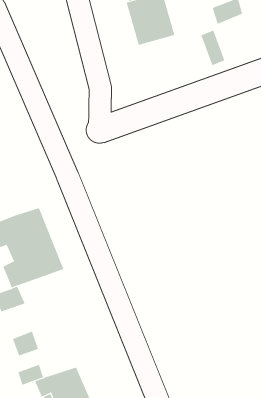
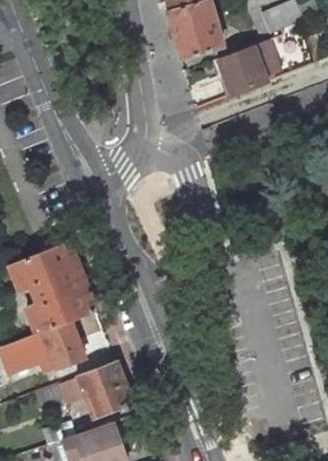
building: none -> [216,46,264,95]
building: none -> [43,321,85,367]
building: none -> [78,362,131,416]

